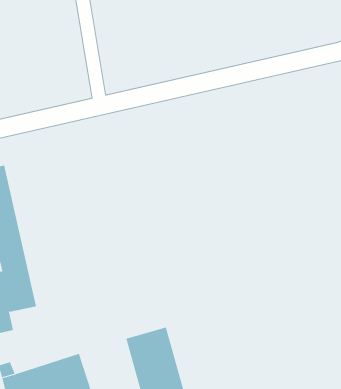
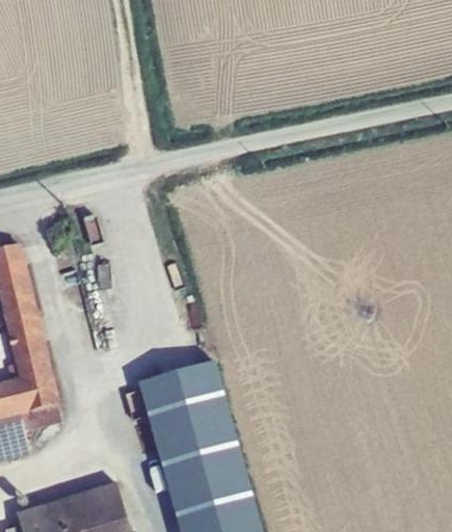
building: none -> [135,366,228,468]

